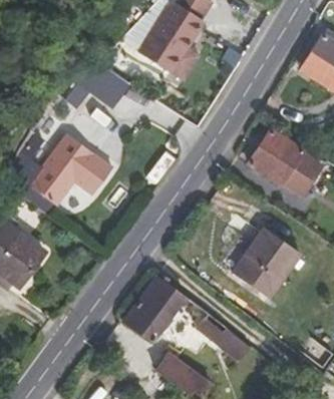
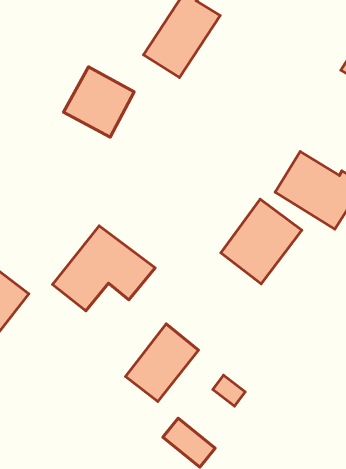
building: [26,131,112,203] -> [52,226,155,311]
building: [233,224,301,295] -> [221,199,302,284]

